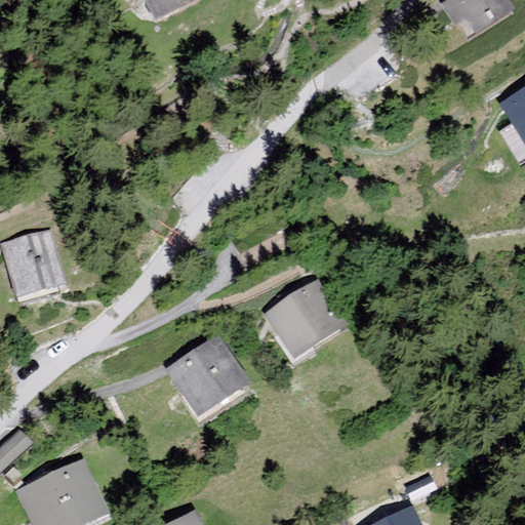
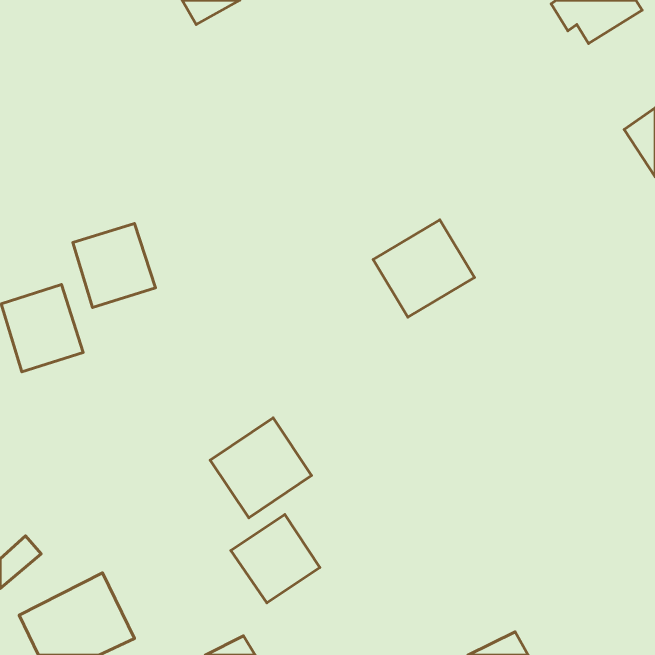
building: none -> [73,224,155,307]
building: [264,280,345,358] -> [373,220,475,317]
building: none -> [231,514,320,603]

